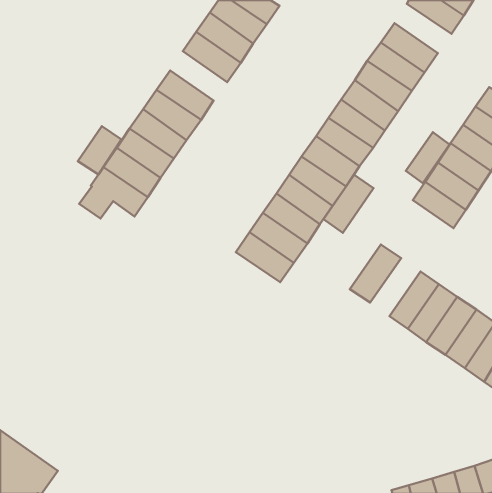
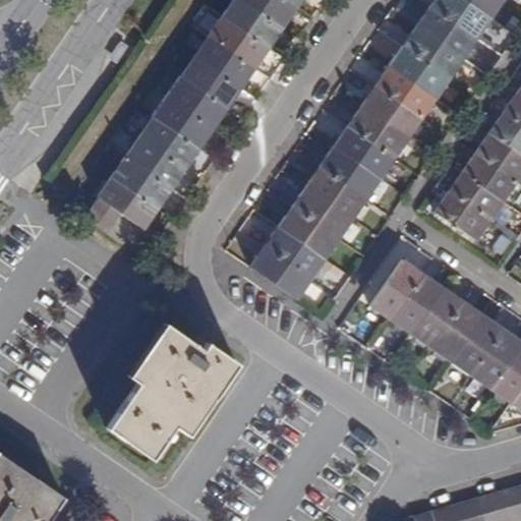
building: none -> [417,5,477,57]
building: none -> [181,55,241,107]
building: [78,126,122,174] -> none
building: [406,132,450,183] -> none
building: [323,175,374,233] -> [392,273,445,334]
building: none -> [108,324,238,458]

